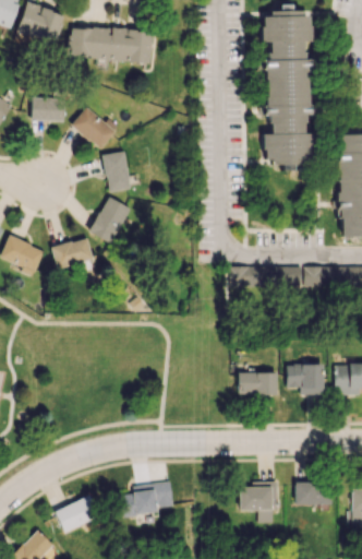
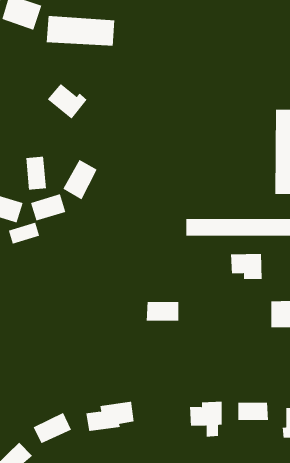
building: [261,16,315,160] -> none
building: [31,98,65,121] -> none
building: [105,152,130,192] -> [25,156,47,190]
building: none -> [8,222,40,245]
building: [286,364,324,394] -> [230,253,263,279]
building: [238,372,277,395] -> [146,302,179,321]

